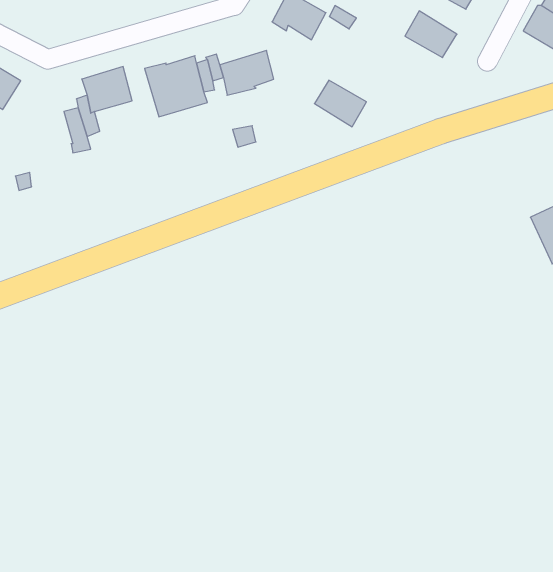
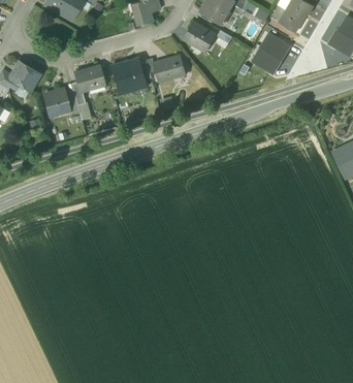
building: [314,80,366,127] -> [253,47,283,74]
building: none -> [44,89,70,113]

